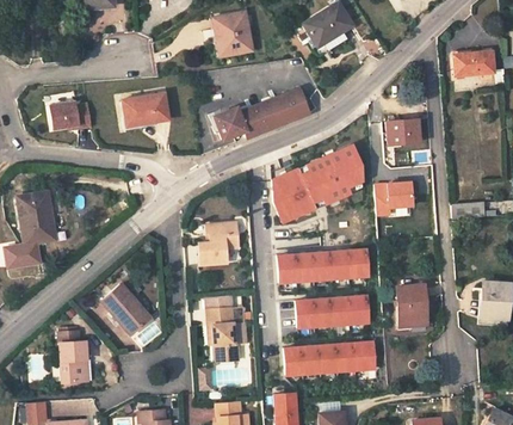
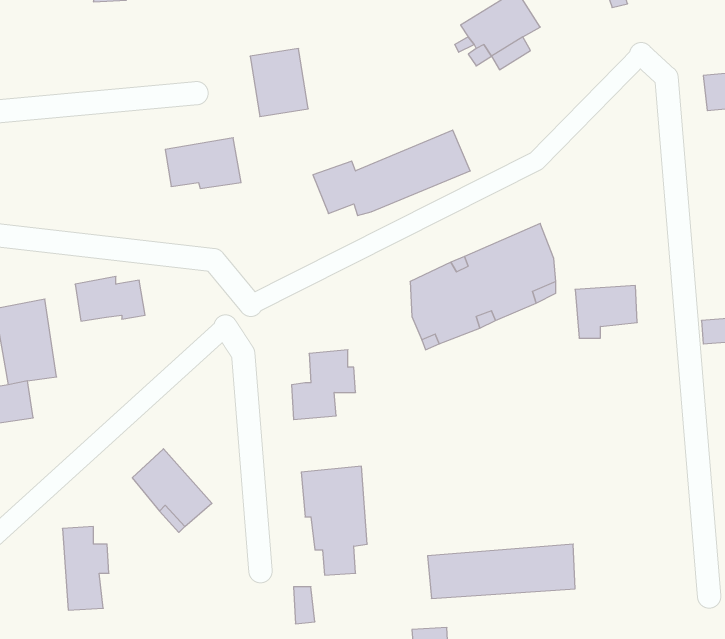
building: [215,13,251,55] -> [250,49,308,117]
building: [49,101,92,129] -> [75,276,145,321]
building: [385,117,419,146] -> none
building: [277,250,367,282] -> none
building: [396,285,426,326] -> none
building: [296,295,369,327] -> none

